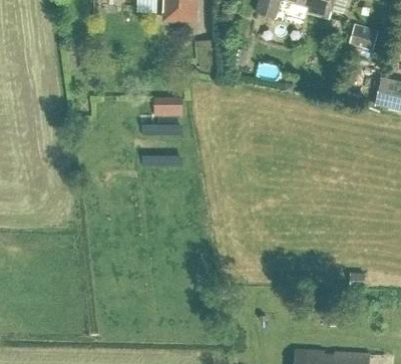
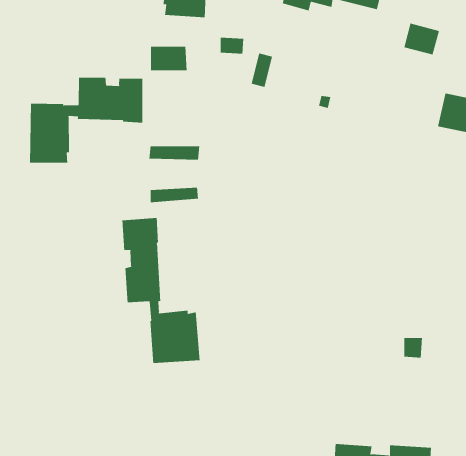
building: none -> [30,77,143,163]
building: [153,96,182,115] -> [150,46,188,71]
building: none -> [122,217,200,364]

